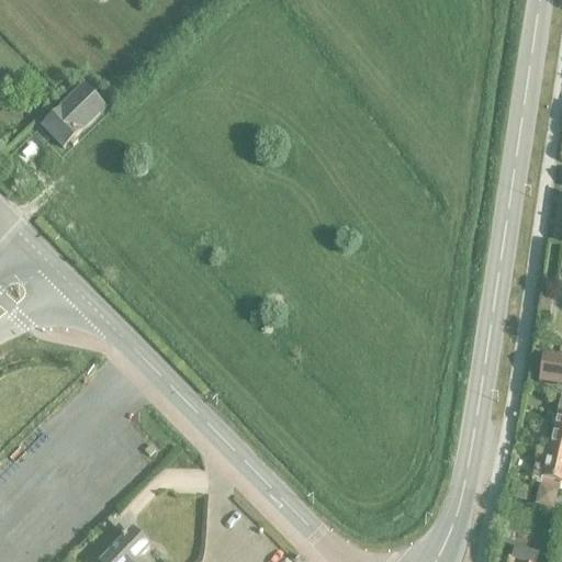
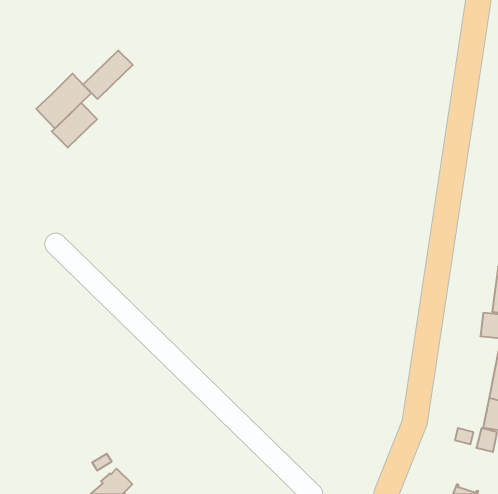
building: none -> [83,50,133,99]
building: none -> [52,103,97,148]

